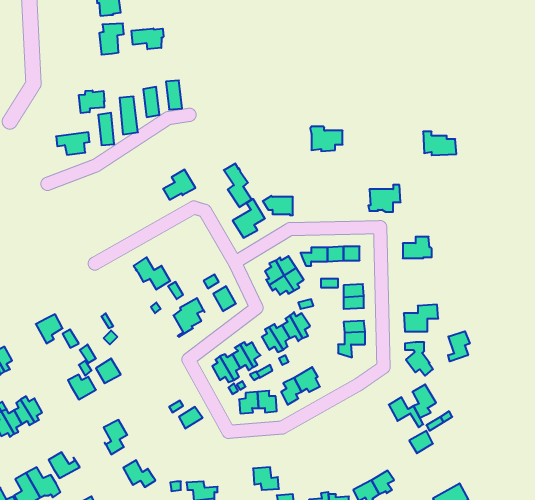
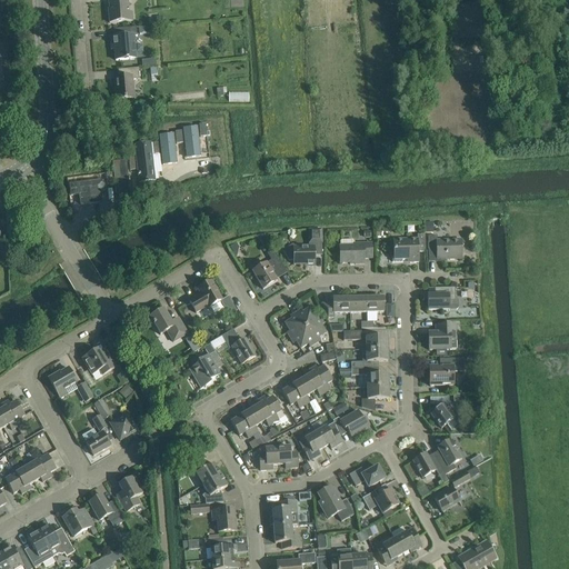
building: [132,28,164,49] -> none
building: [79,90,105,113] -> none
building: [310,126,343,151] -> [338,237,371,262]
building: [423,132,456,155] -> [427,233,461,258]
building: [224,163,251,207] -> none
building: [163,170,195,200] -> [188,279,221,310]
building: none -> [428,322,456,348]
building: none -> [81,348,114,373]
building: [448,331,470,361] -> none
building: none -> [327,406,369,435]
building: none -> [348,465,383,486]
building: none -> [202,472,227,501]
building: none -> [317,485,352,519]
building: none -> [362,488,398,511]
building: none -> [269,495,297,525]
building: none -> [210,507,234,530]
building: [123,460,155,487] -> [88,492,121,520]

